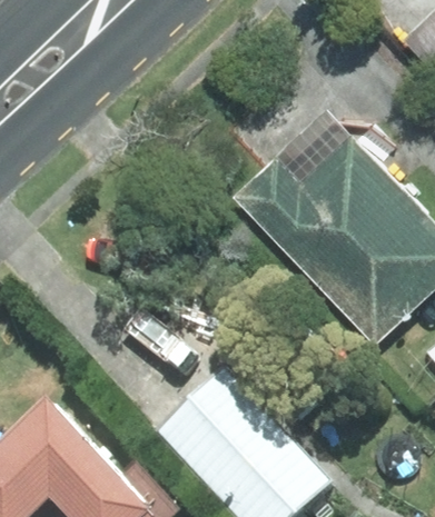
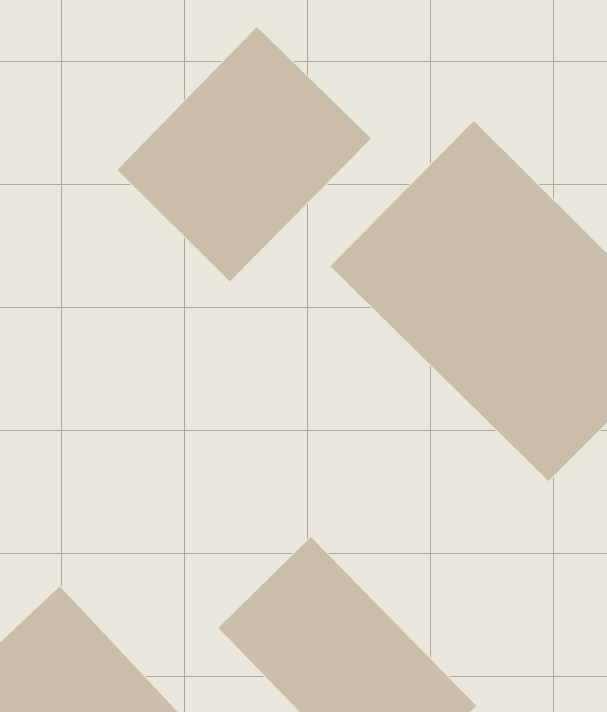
building: none -> [117,26,372,282]

